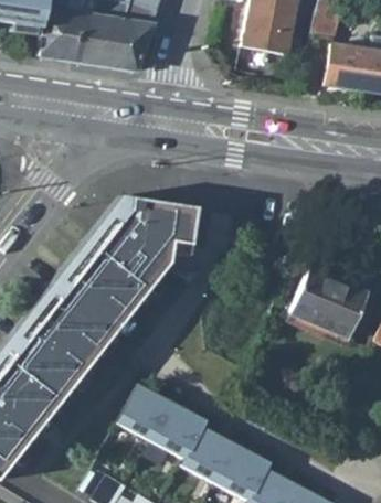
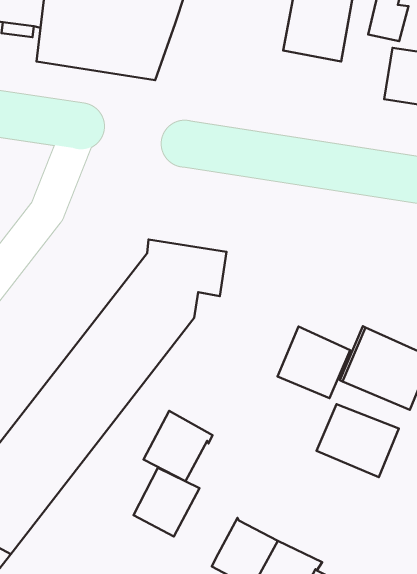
building: none -> [277,327,350,398]
building: none -> [316,404,399,477]
building: [151,402,208,459] -> [144,411,212,481]

